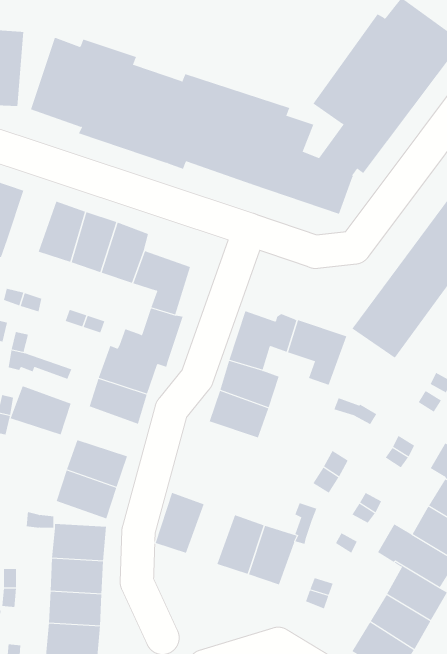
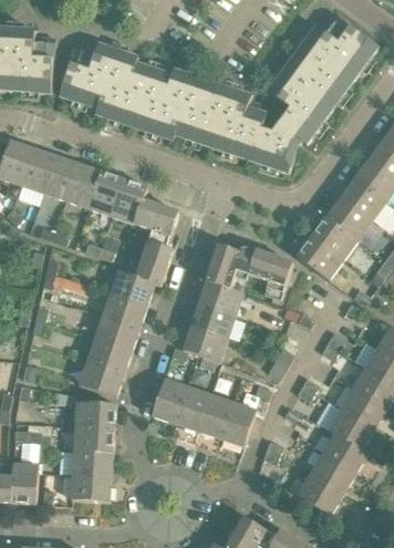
building: none -> [43,155,79,200]
building: [10,385,72,435] -> [94,314,139,351]
building: none -> [172,325,228,370]
building: none -> [175,386,210,431]

